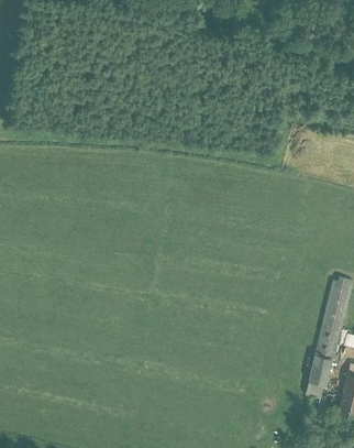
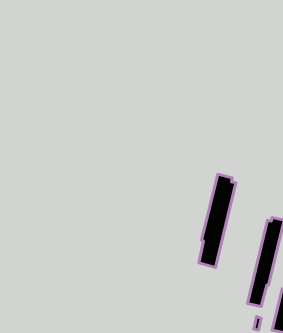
building: none -> [199,174,236,267]

